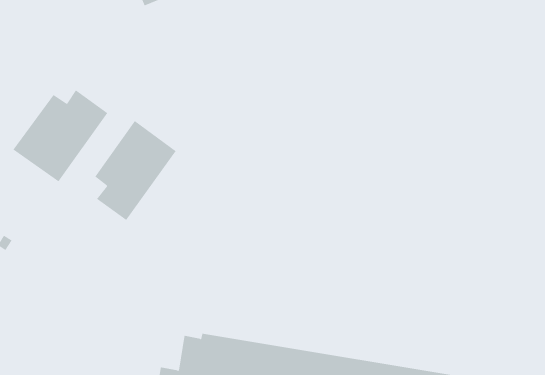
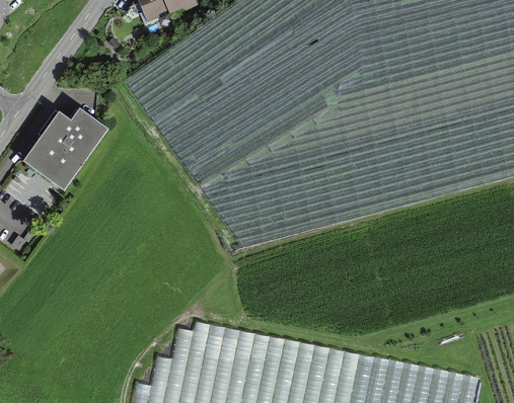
building: [95,120,177,221] -> none

